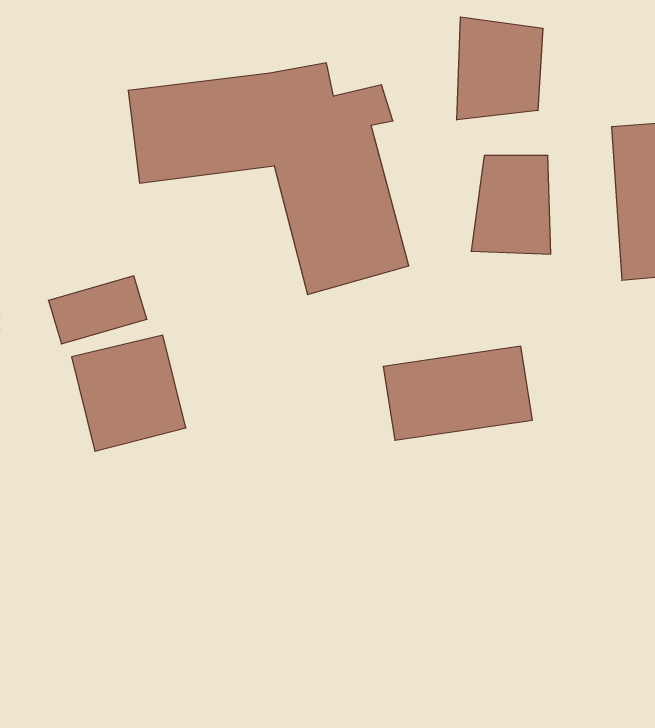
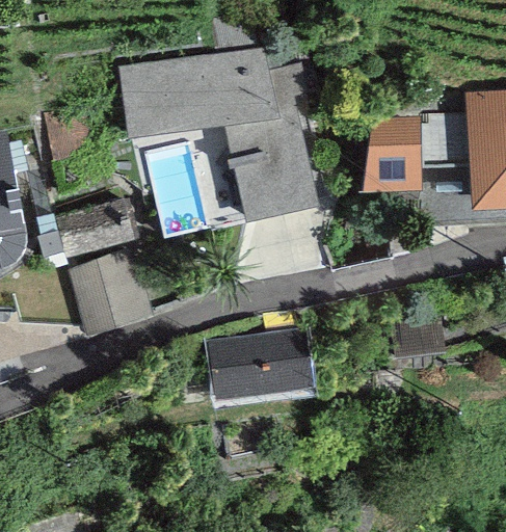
building: [457,17,543,120] -> none
building: [383,346,532,440] -> [206,332,313,400]

